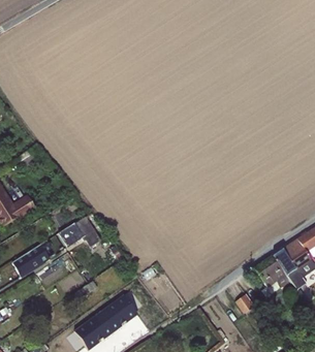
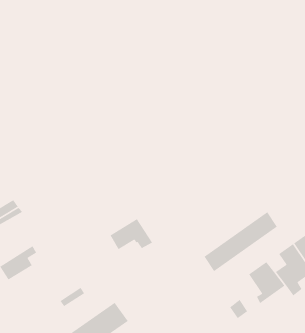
building: none -> [204,211,278,272]
building: [58,216,100,247] -> [110,218,153,250]

